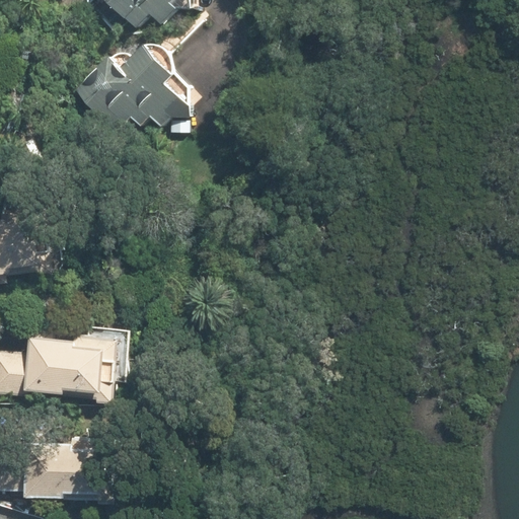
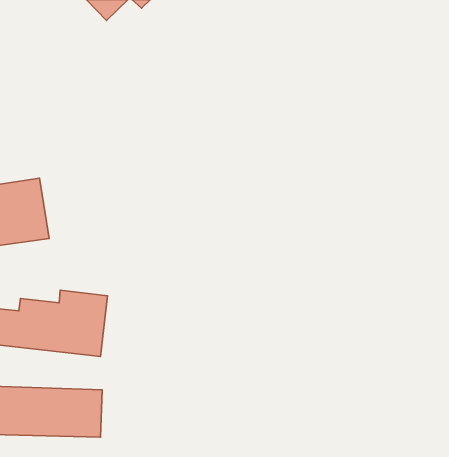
building: [69,45,193,131] -> none

